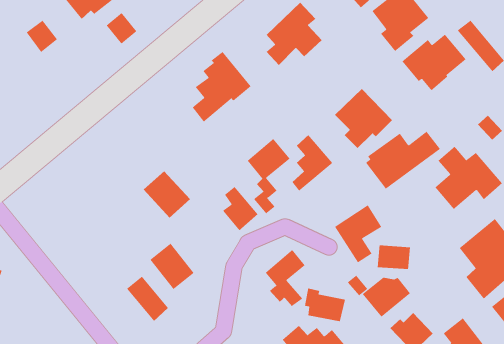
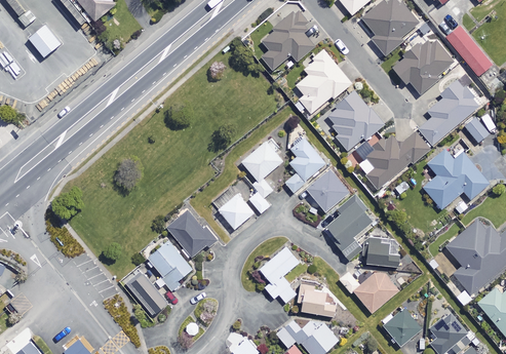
building: [106,12,137,45] -> none
building: [192,51,251,123] -> [294,49,351,118]
building: none -> [418,79,479,144]
building: none -> [306,168,349,211]
building: [143,170,191,218] -> [166,210,212,257]

